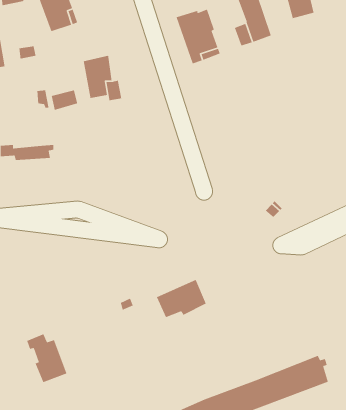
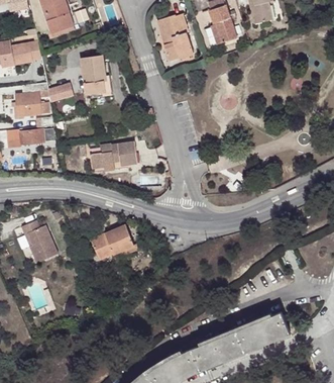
building: none -> [17,93,49,116]
building: none -> [92,141,139,171]
building: [156,279,207,318] -> [93,223,136,257]
building: [26,333,68,383] -> [25,220,61,263]

